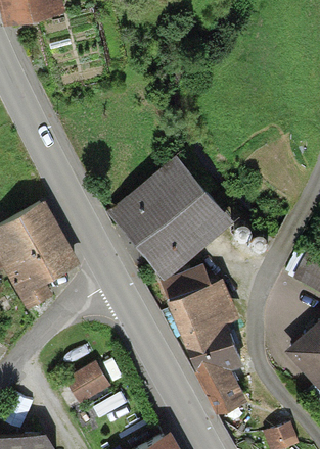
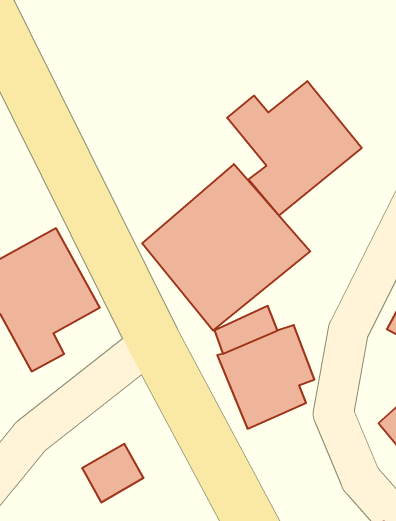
building: none -> [227,81,362,215]
building: [187,334,246,417] -> none

